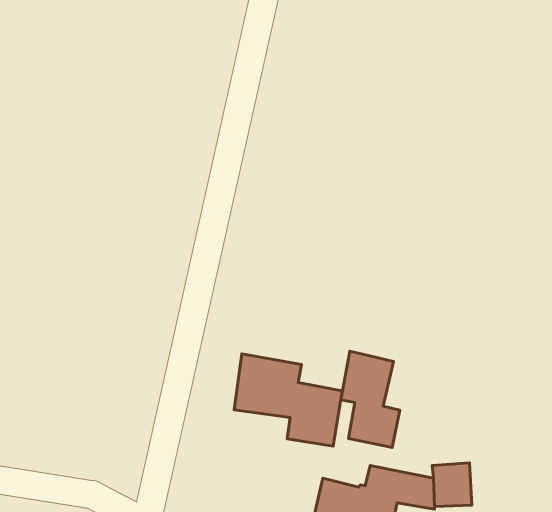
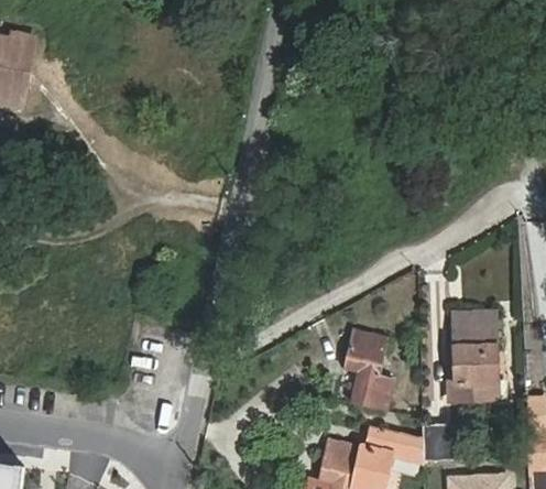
building: none -> [448,312,496,401]
building: [234,354,342,446] -> none

